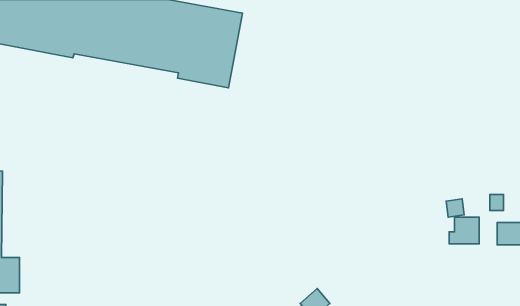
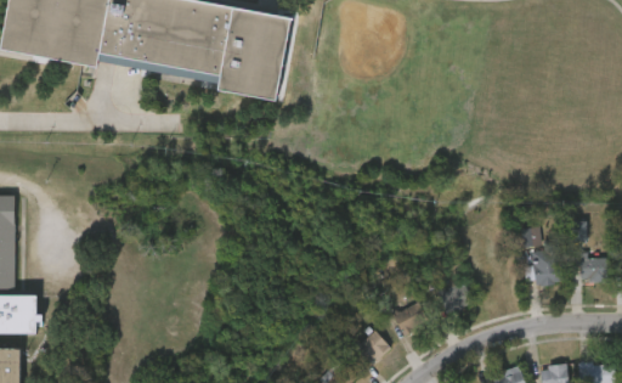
building: none -> [437,278,474,312]
building: none -> [391,299,428,334]

